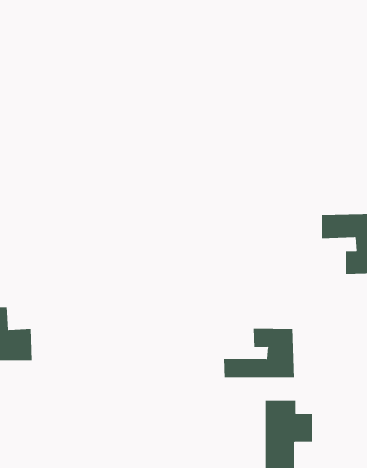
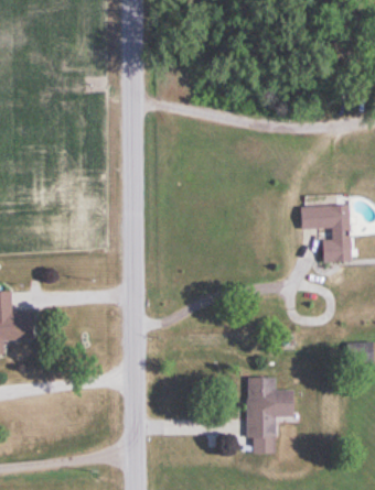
building: [223,328,295,378] -> none

